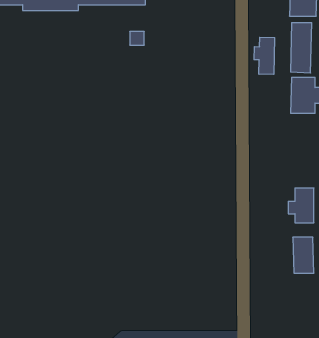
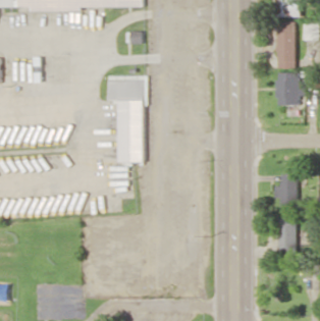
building: [254,37,275,74] -> none
building: none -> [107,76,144,163]

